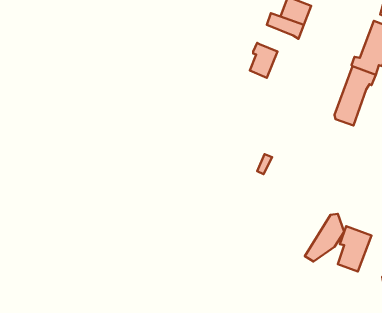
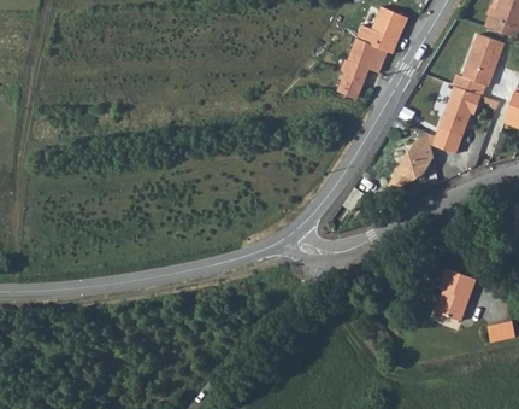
building: none -> [348,39,387,72]
building: [305,214,344,262] -> [389,138,434,192]

